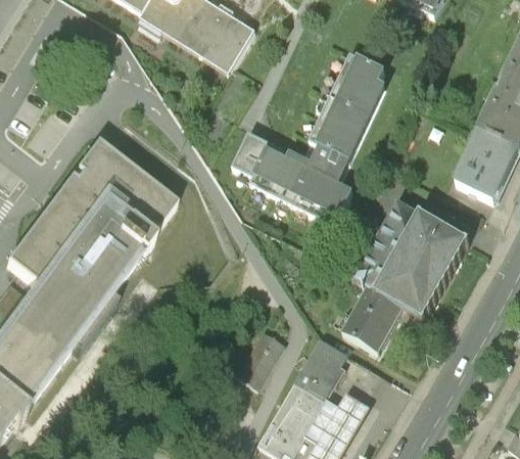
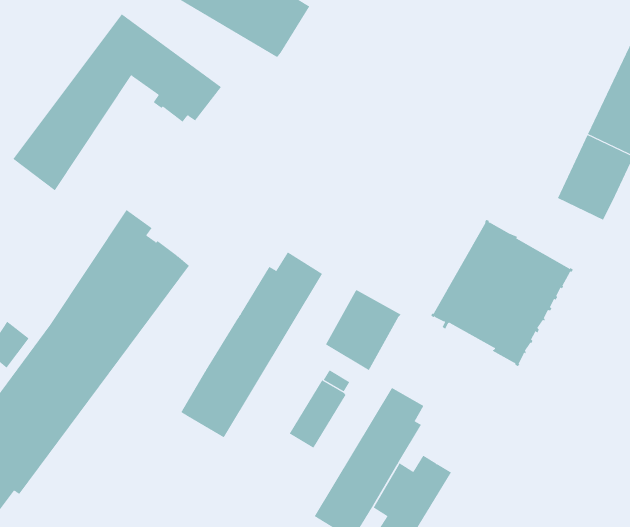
building: [233,52,385,222] -> none
building: [7,141,178,286] -> [12,13,222,191]
building: none -> [180,251,323,438]
building: [342,285,405,352] -> [325,289,402,371]

